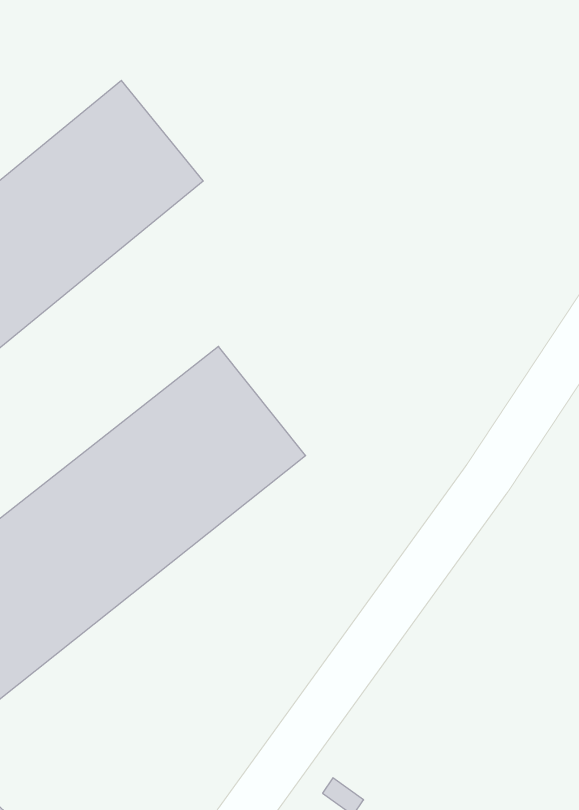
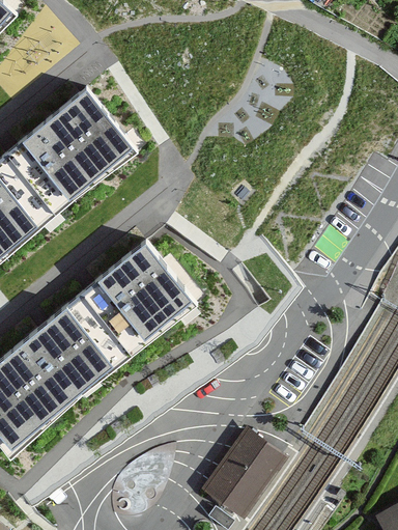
building: none -> [199,426,286,519]

